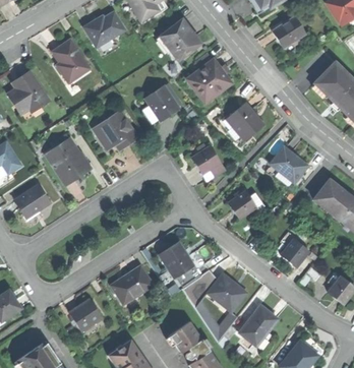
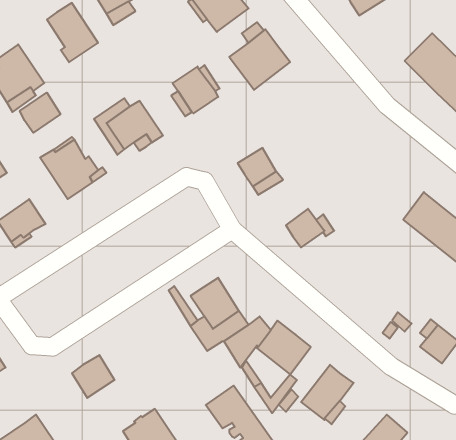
building: [226,102,263,140] -> none
building: none -> [20,93,60,133]
building: [272,145,308,181] -> none
building: [280,238,309,266] -> none
building: [111,266,153,304] -> none

